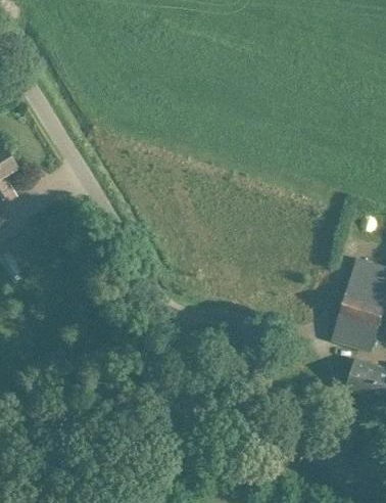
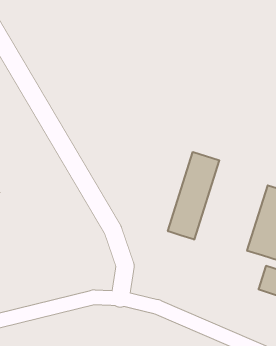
building: none -> [168,152,219,240]

